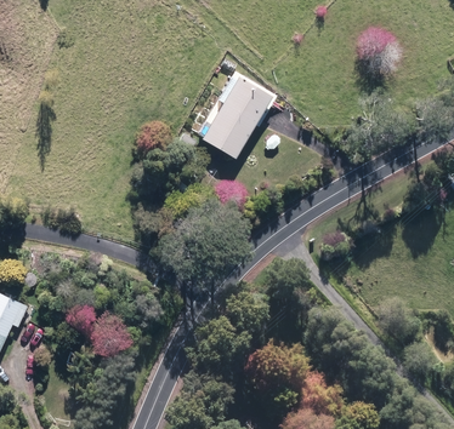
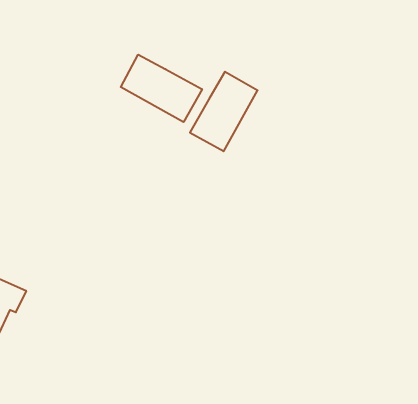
building: none -> [121,55,202,122]

